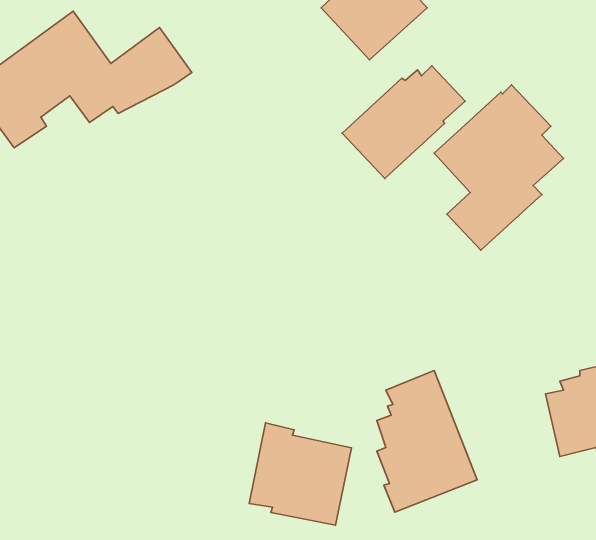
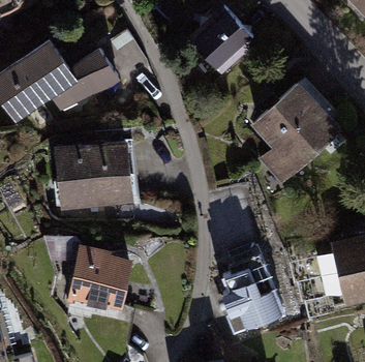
building: [342,66,465,178] -> none
building: none -> [55,146,135,207]
building: [249,423,352,525] -> [69,250,128,309]

